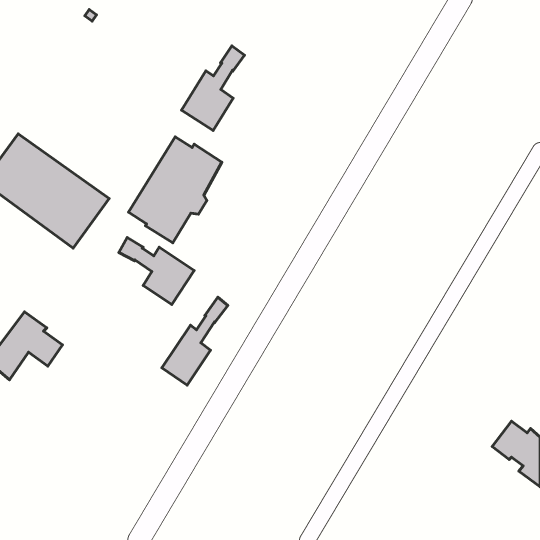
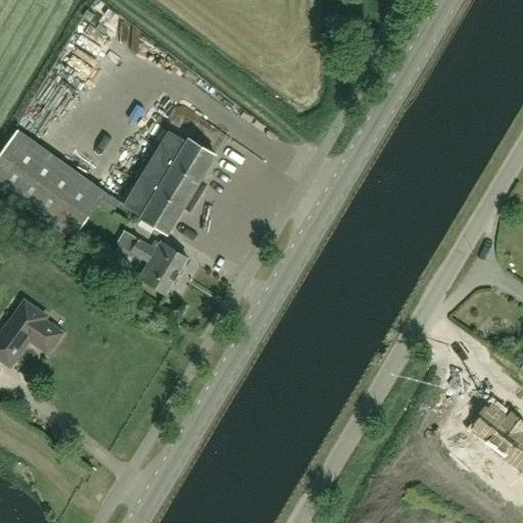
building: [181,46,245,130] -> none
building: [162,297,228,385] -> none

